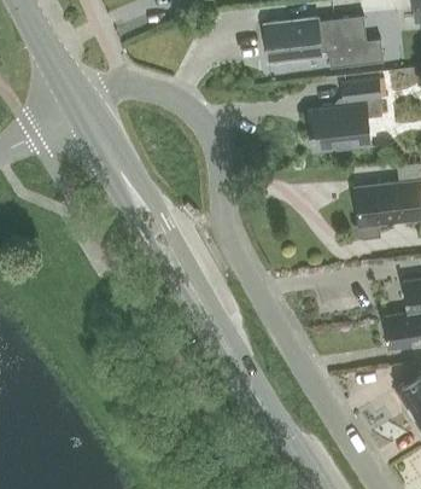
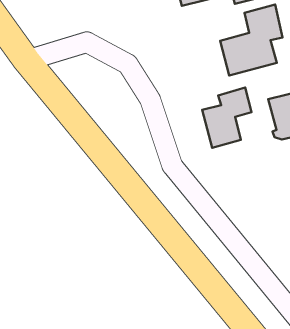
building: none -> [202,88,252,148]

